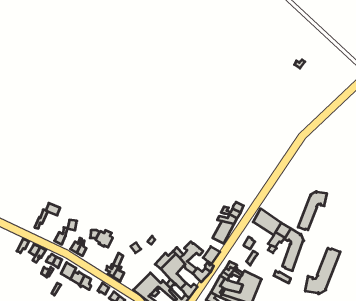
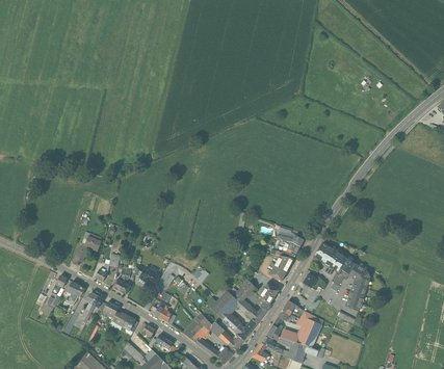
building: [298,191,327,230] -> none
building: [305,248,340,294] -> none

